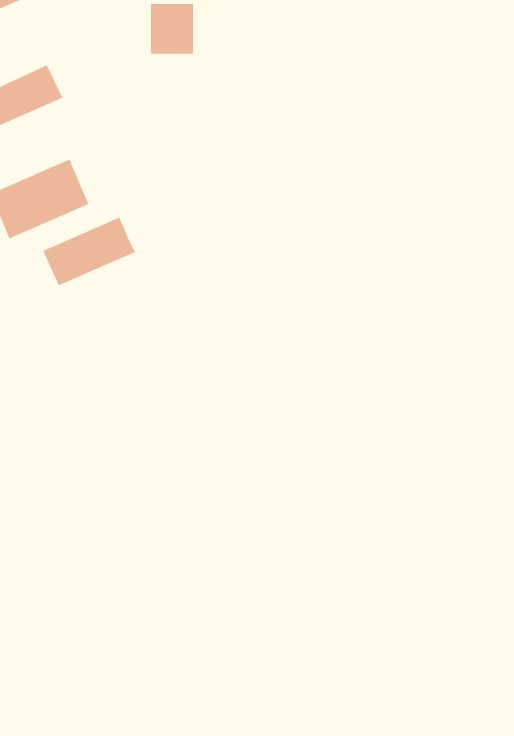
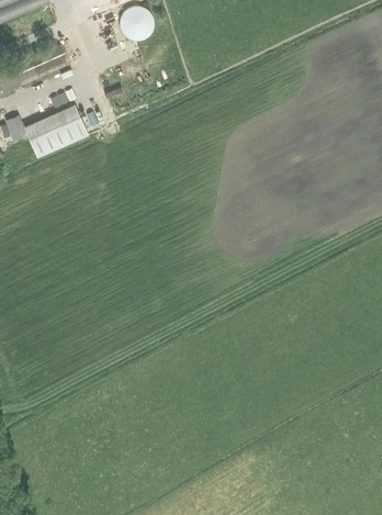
building: [42,217,136,286] -> none

